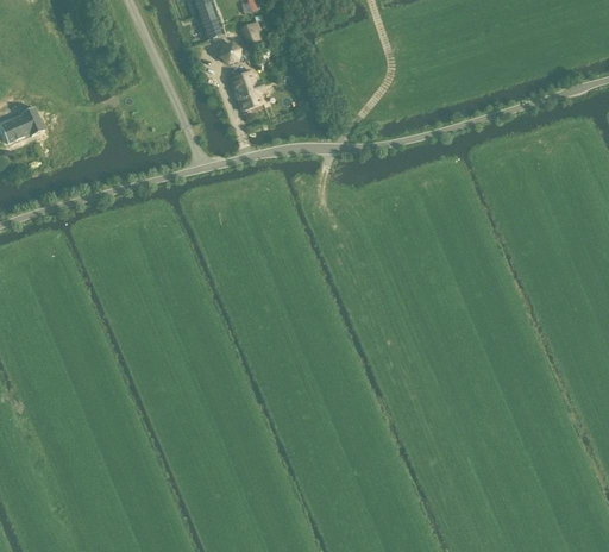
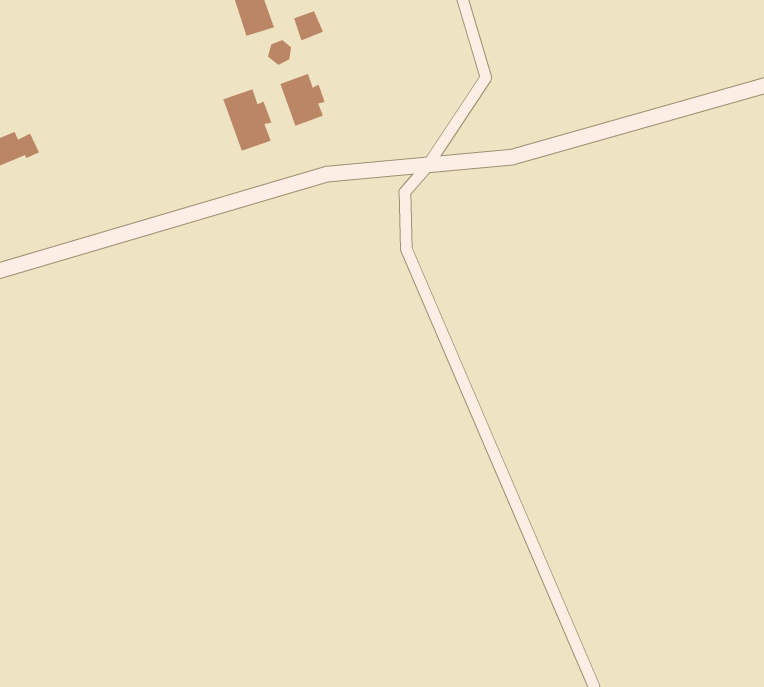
building: none -> [223,88,272,152]

